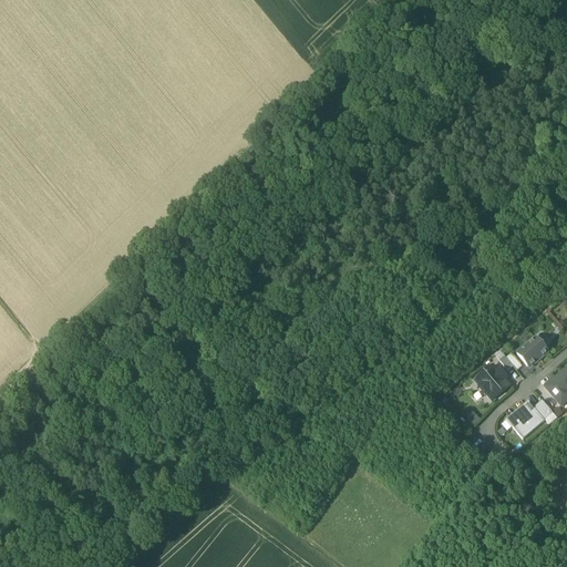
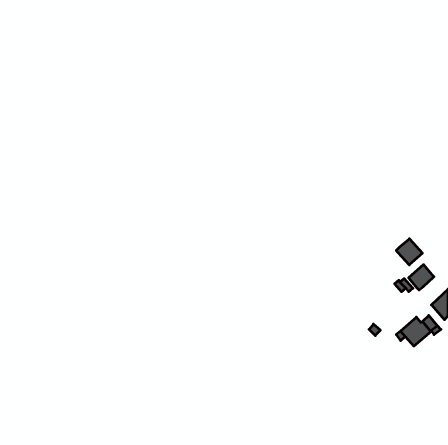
building: none -> [396,239,422,265]
building: [475,364,509,398] -> none

